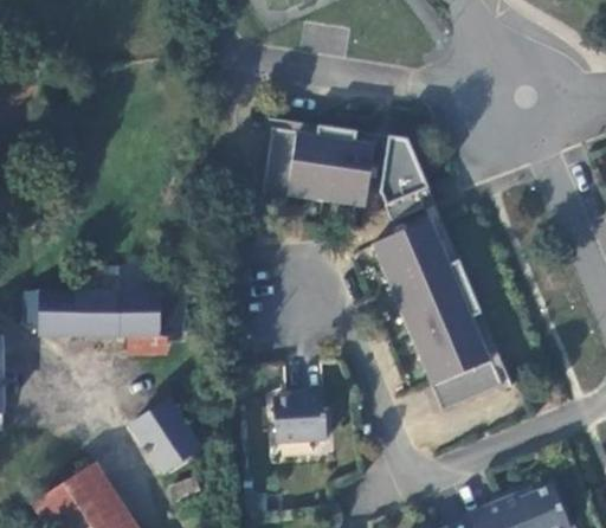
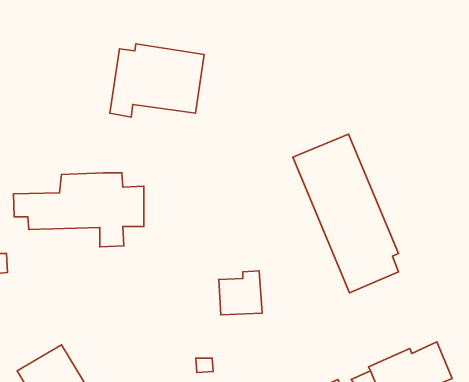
building: [262,124,378,214] -> [110,44,204,117]
building: [381,139,436,224] -> none
building: [135,403,201,477] -> none

